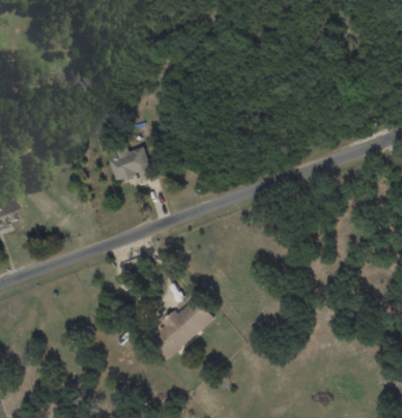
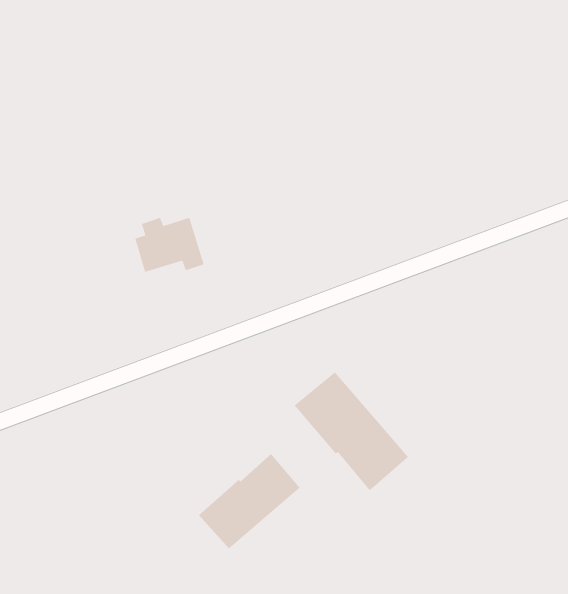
building: none -> [294,371,409,491]

